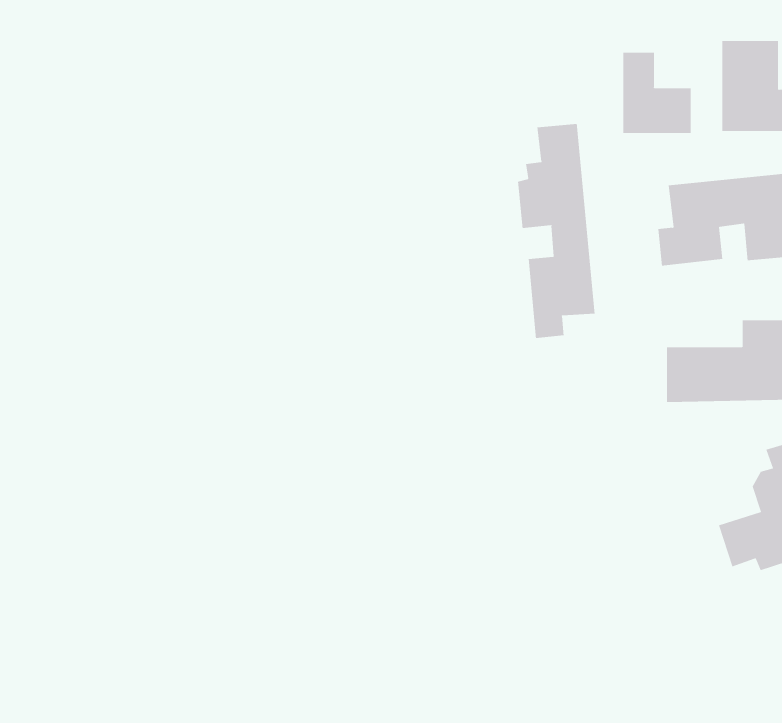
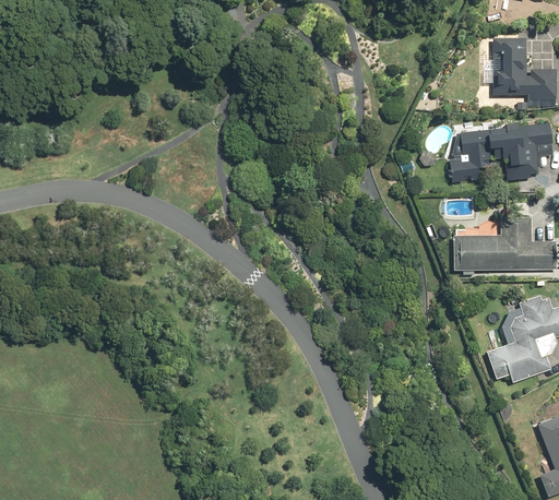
building: [623,52,691,134] -> none
building: [517,123,595,339] -> none

